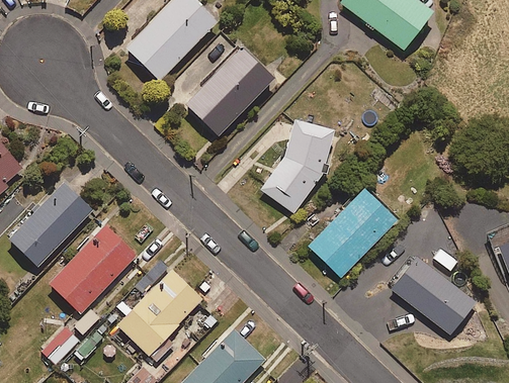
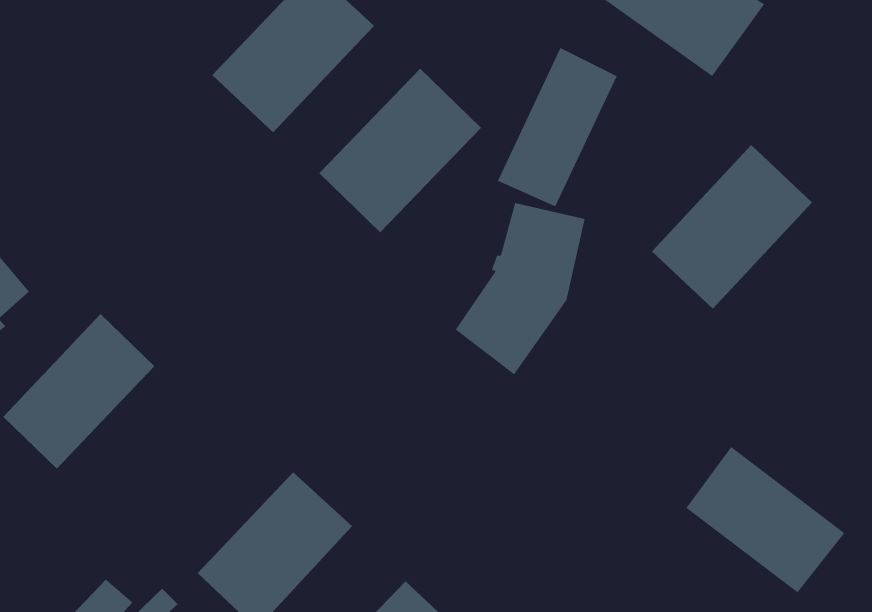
building: none -> [497,47,618,207]
building: [307,186,397,278] -> [651,144,813,310]
building: [48,223,138,314] -> none

